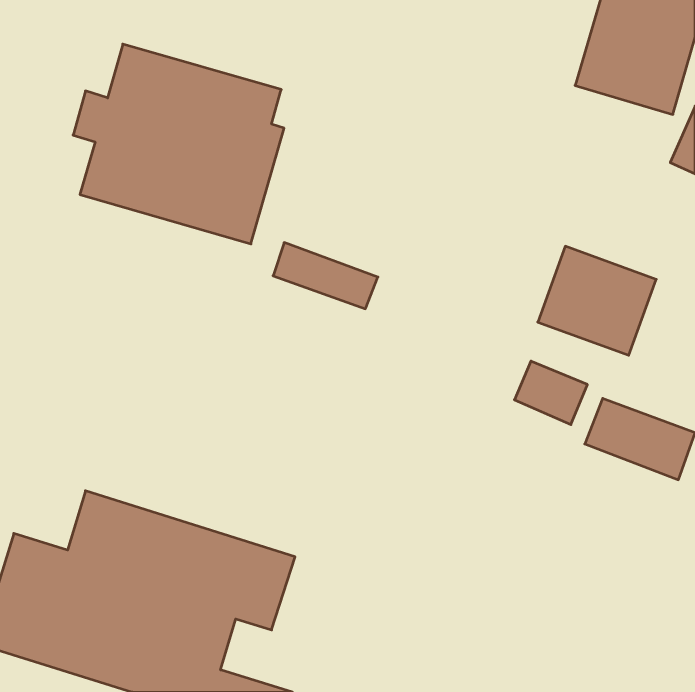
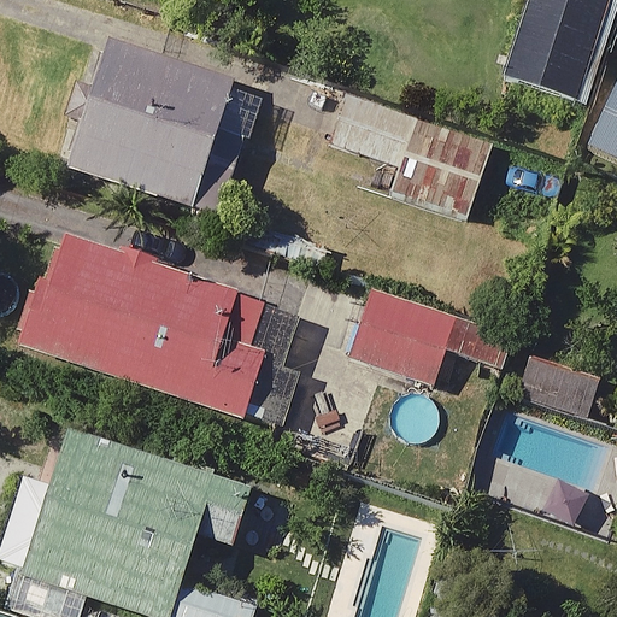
building: none -> [336,96,490,216]
building: [538,246,656,355] -> [351,288,454,383]
building: none -> [16,237,276,422]

